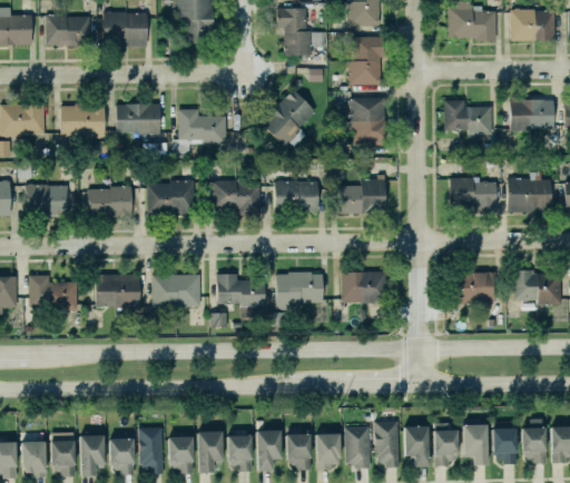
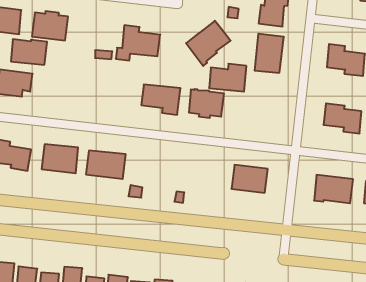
building: [115,104,158,134] -> none
building: [337,177,384,211] -> [209,64,246,92]
building: [146,181,194,216] -> none
building: [86,186,130,217] -> [11,39,47,65]
building: [275,272,323,309] -> none
building: [216,274,264,306] -> none

